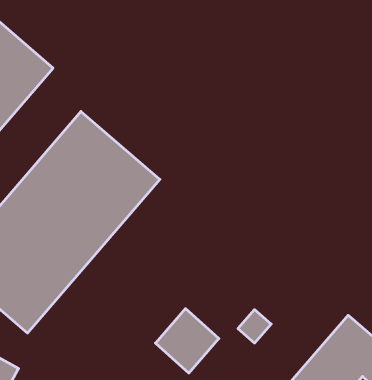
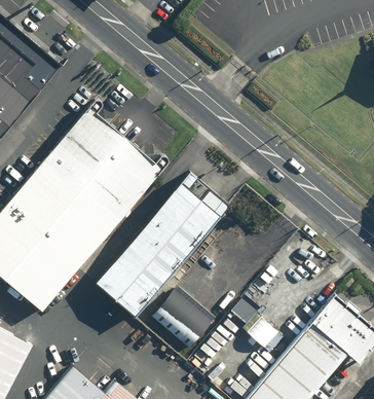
building: none -> [87,171,232,325]

